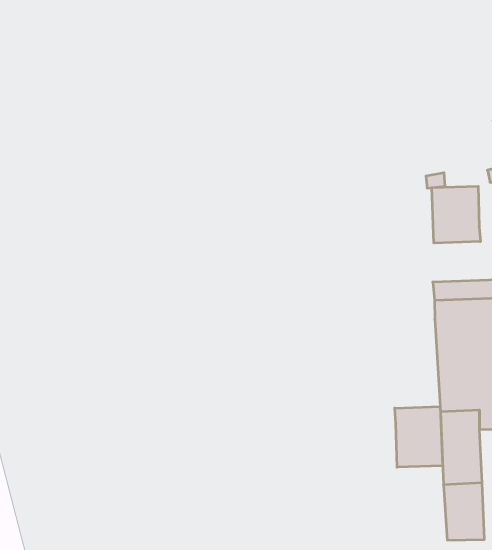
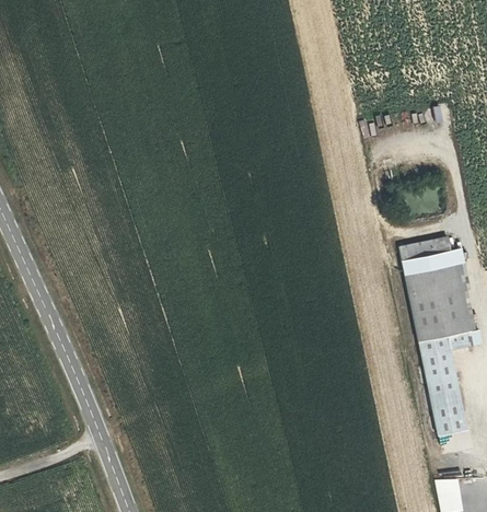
building: [432,186,480,243] -> none
building: [395,407,443,467] -> none

